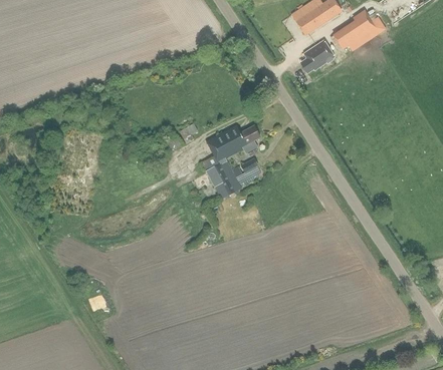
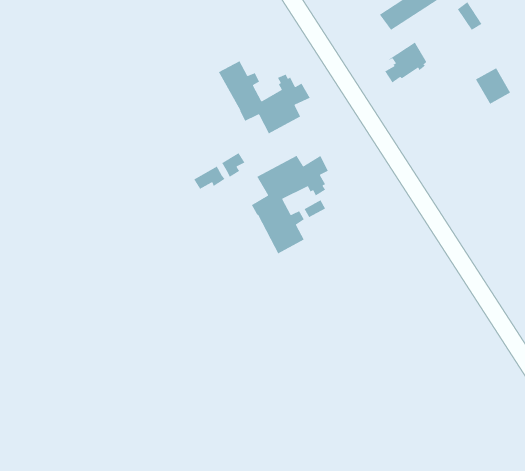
building: [330,17,358,45] -> [475,67,511,105]
building: none -> [218,60,311,135]

